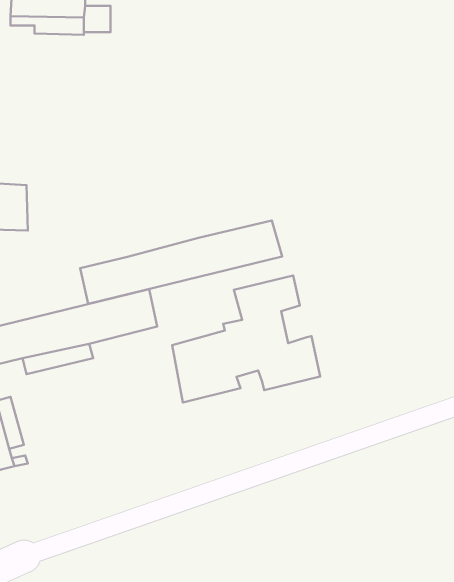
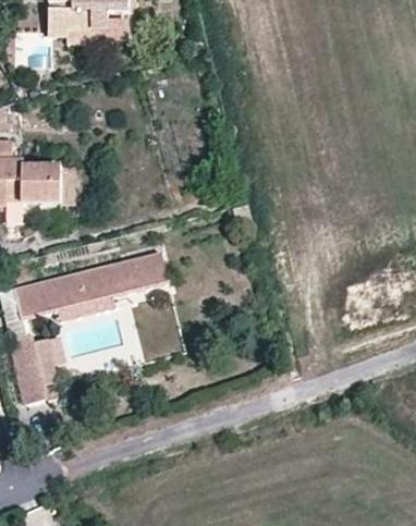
building: [80,220,282,304] -> none
building: [172,275,320,402] -> none

